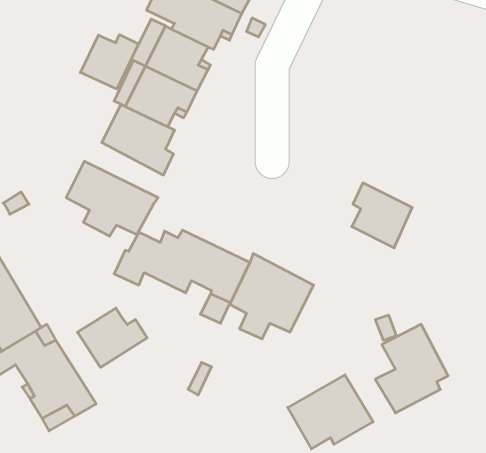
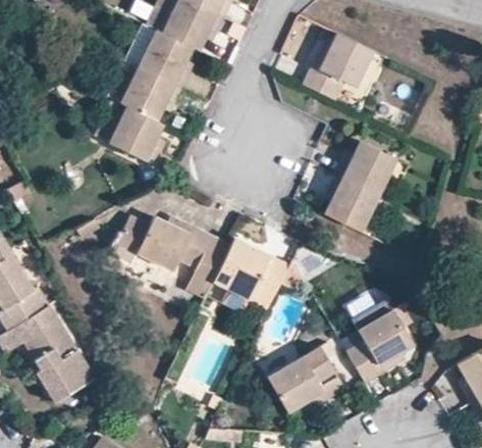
building: none -> [303,32,375,99]
building: [80,35,138,89] -> none
building: none -> [335,139,397,194]
building: [66,161,158,236] -> none
building: [77,308,147,367] -> none

